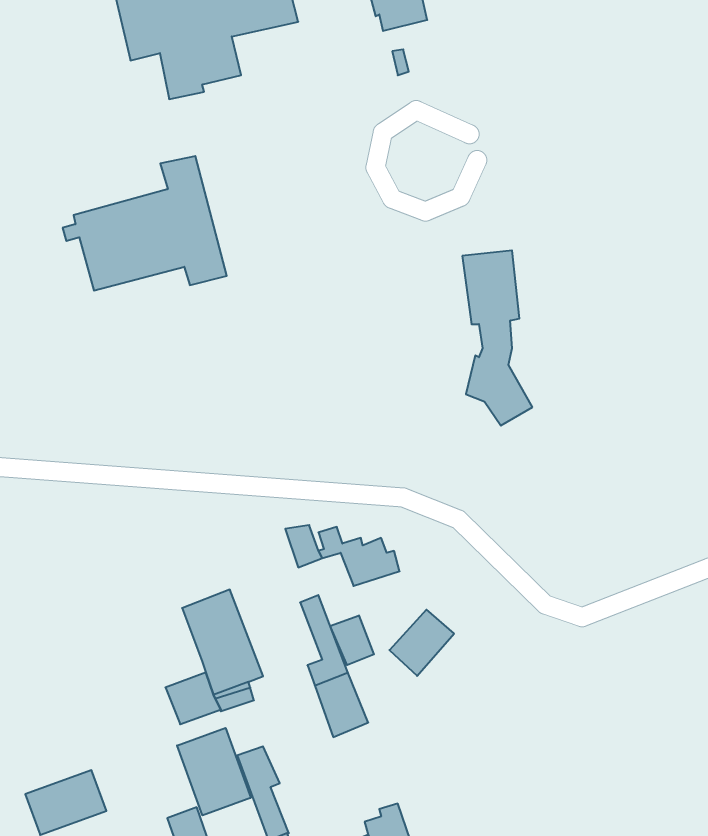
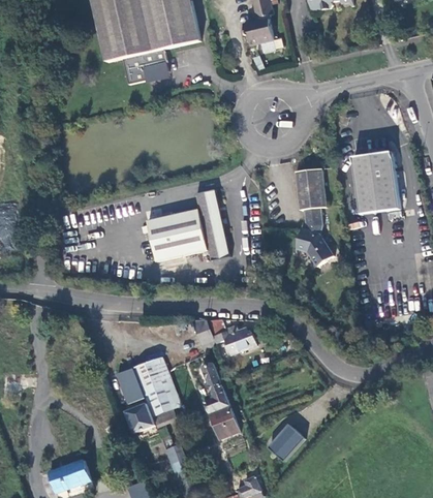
building: [63,156,227,291] -> [137,188,229,263]
building: none -> [350,149,398,213]
building: none -> [119,367,147,403]
building: [389,610,454,676] -> [270,424,306,461]
building: [330,615,374,665] -> none
building: [177,728,251,815] -> none

